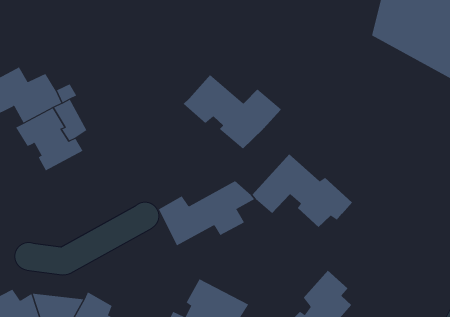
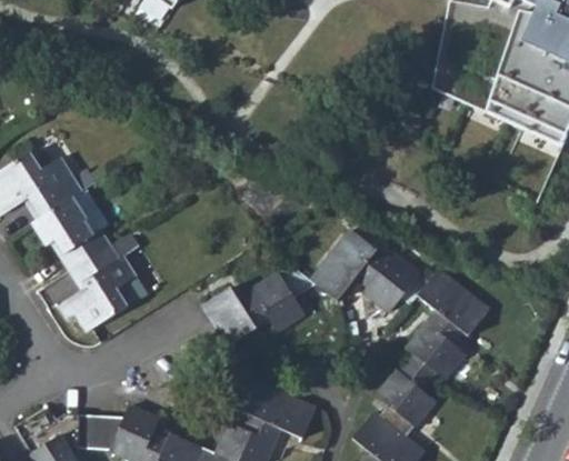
building: [183,74,282,150] -> none
building: none -> [58,244,137,331]
building: none -> [403,271,488,381]

